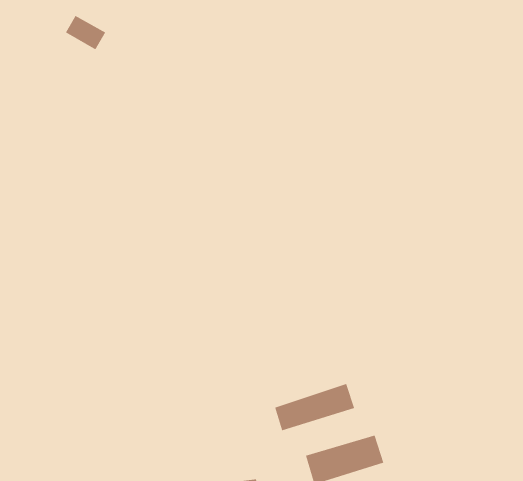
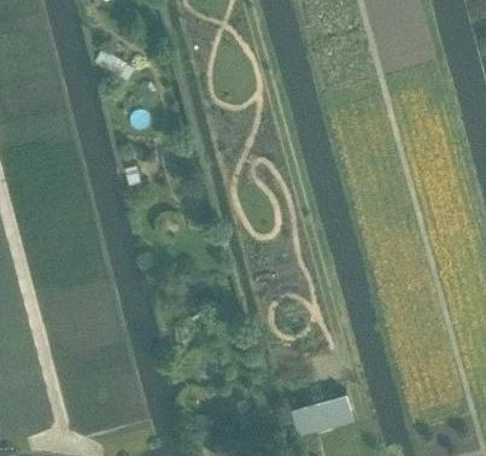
building: [274,383,355,431] -> none

